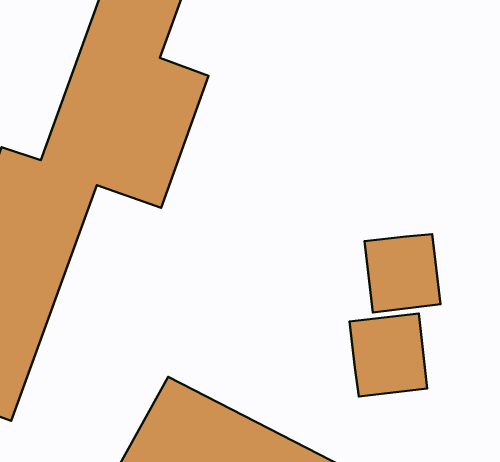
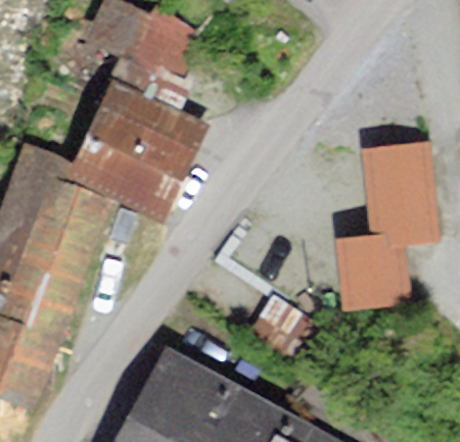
building: none -> [366,151,431,243]
building: [349,314,427,396] -> none

